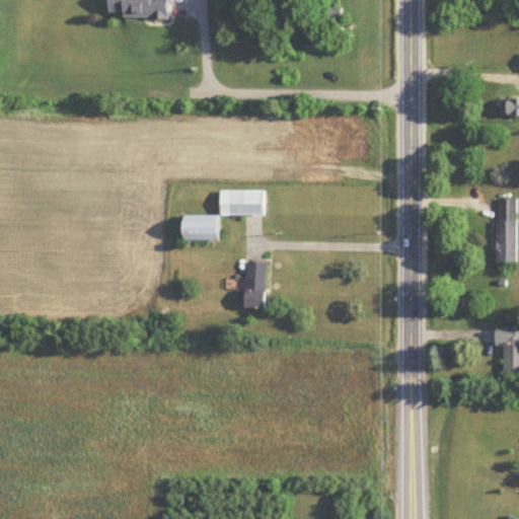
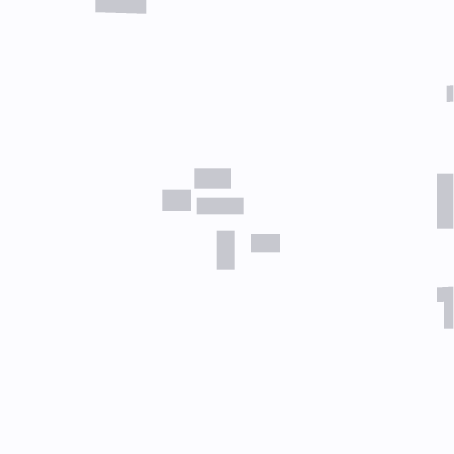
building: none -> [196,197,244,215]
building: none -> [250,233,280,253]

